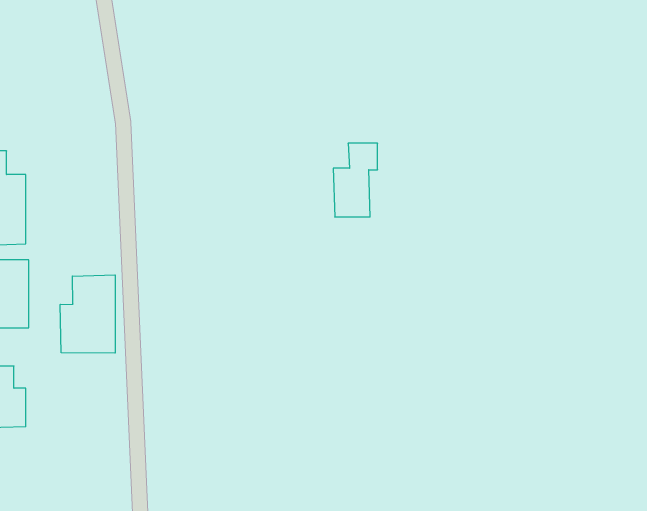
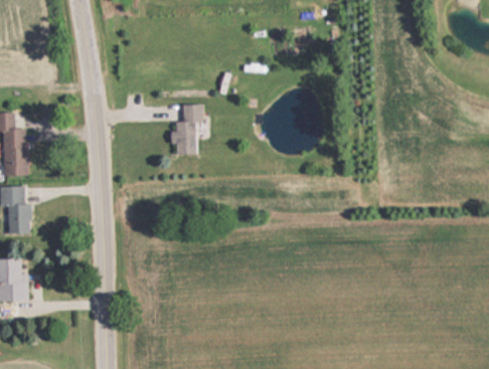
building: [333,143,378,217] -> [172,105,202,155]
building: [60,275,115,353] -> none

